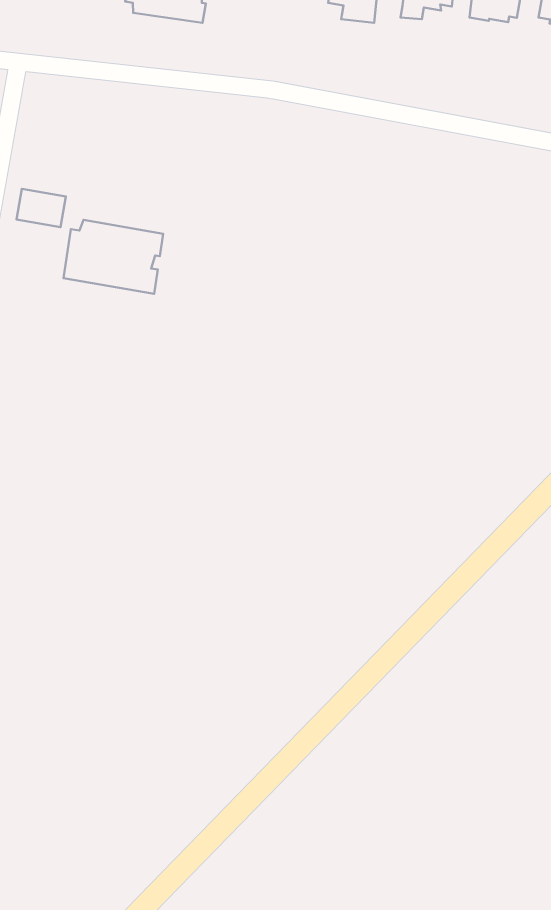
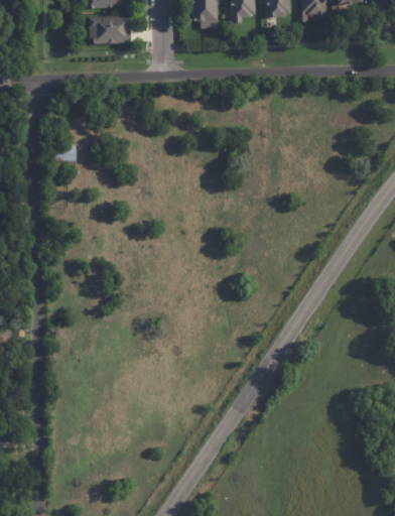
building: [64,220,163,294] -> none

